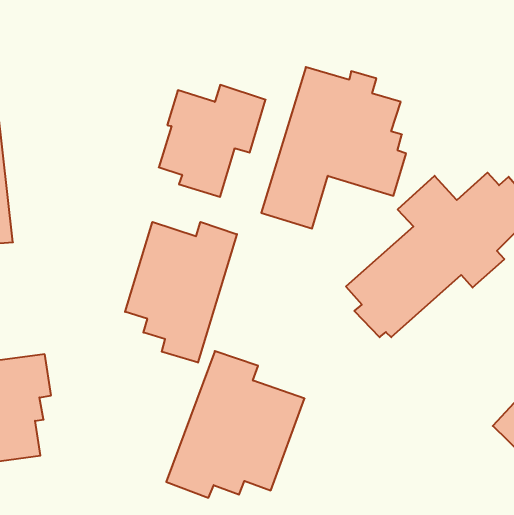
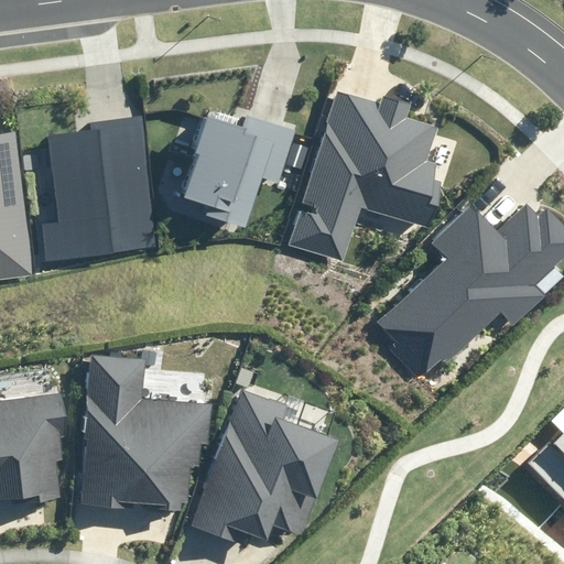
building: none -> [39,116,159,261]
building: [125,222,237,363] -> none
building: none -> [78,356,213,510]

